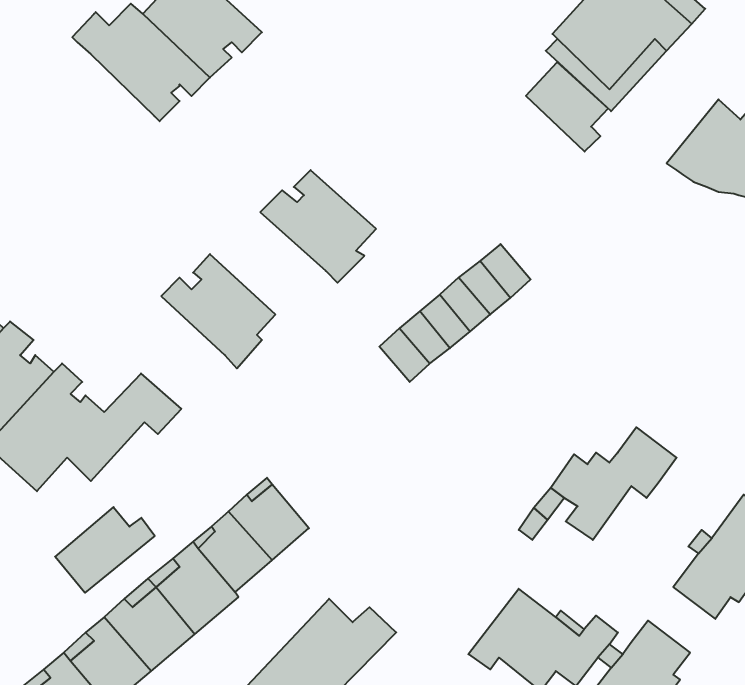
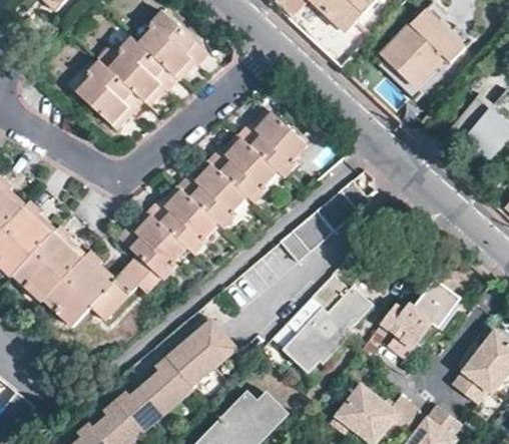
building: none -> [76,59,143,128]
building: [526,62,608,152] -> none
building: none -> [236,108,305,176]
building: none -> [176,160,245,229]
building: none -> [115,210,185,280]
building: none -> [282,273,374,374]
building: [55,507,155,593] -> none

